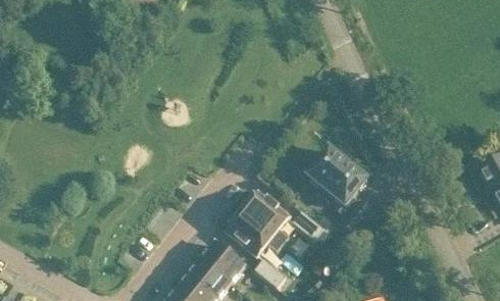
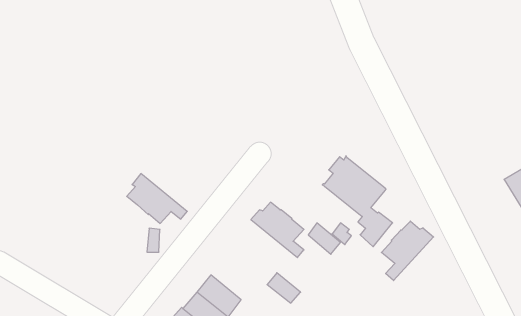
building: [226,208,283,255] -> [127,174,187,223]
building: none -> [381,221,434,281]
building: [199,243,244,284] -> none

